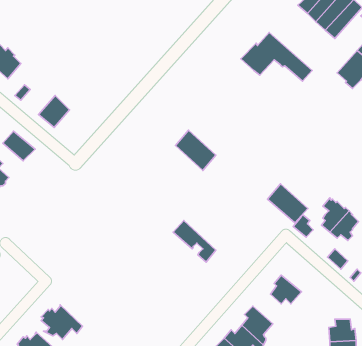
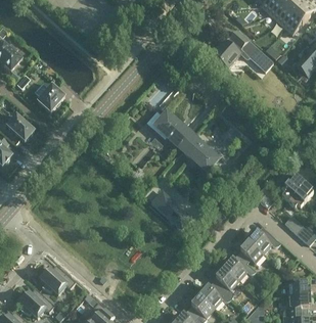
building: [268,184,308,223] -> [182,136,217,170]
building: none -> [245,226,279,252]
building: none -> [221,255,255,280]

